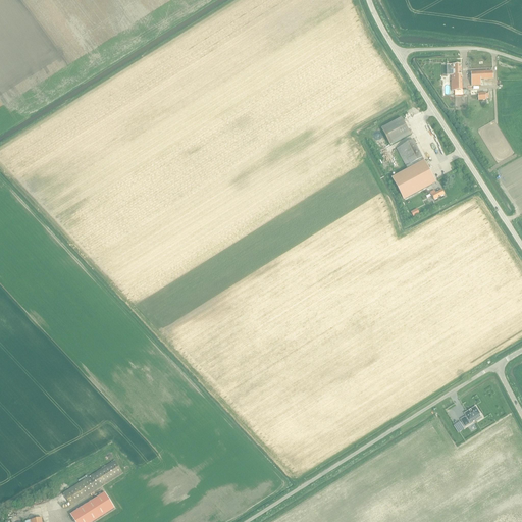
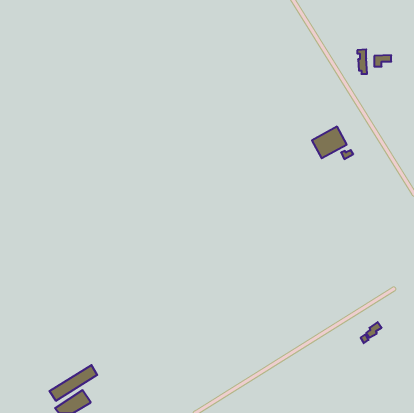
building: [382,117,409,144] -> none
building: [396,139,422,165] -> none

